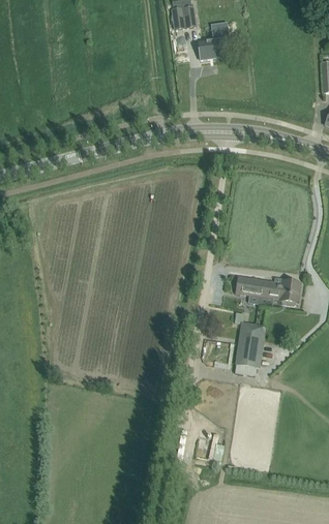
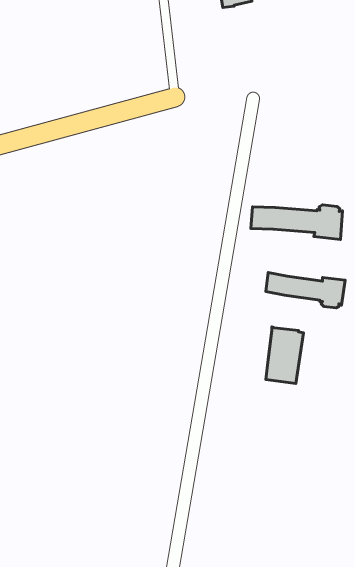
building: none -> [251,205,342,240]

